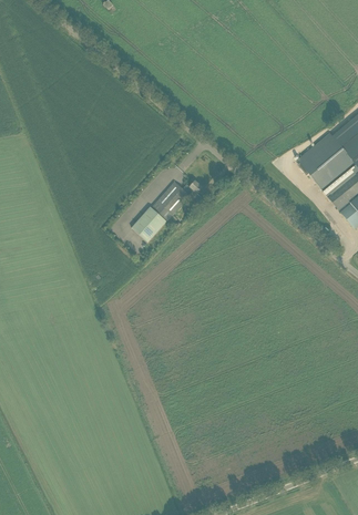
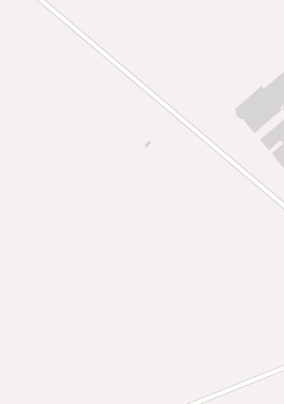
building: [133,179,202,240] -> none

